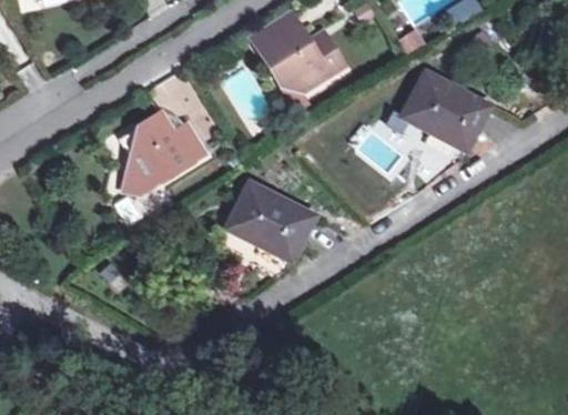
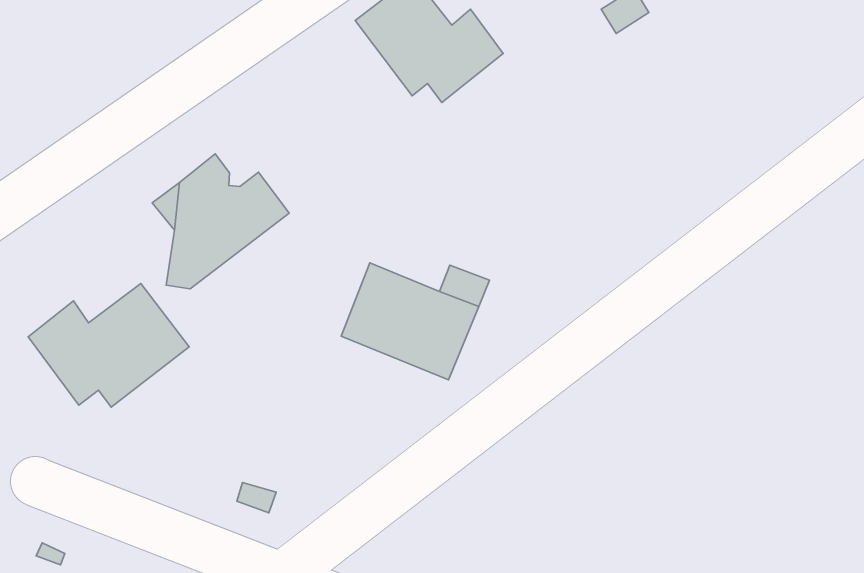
building: [404,74,489,151] -> none
building: none -> [28,283,189,407]

